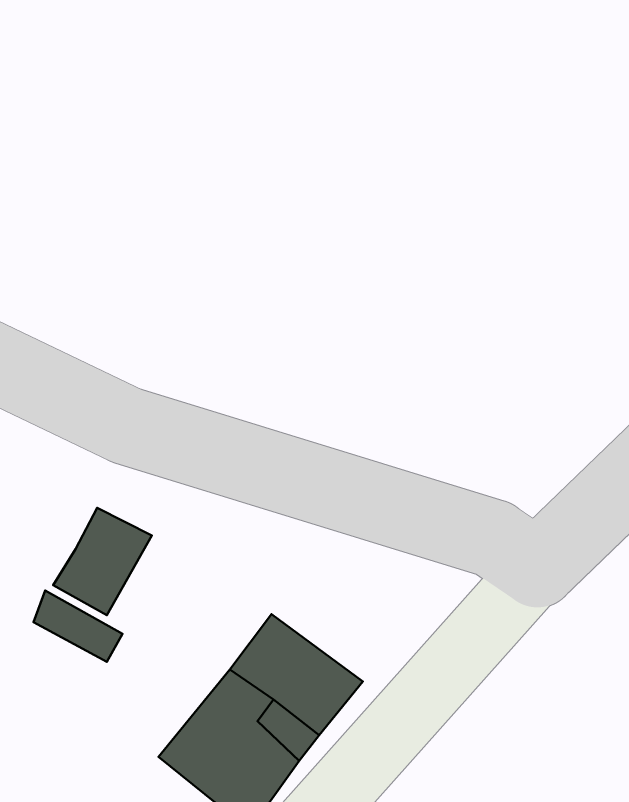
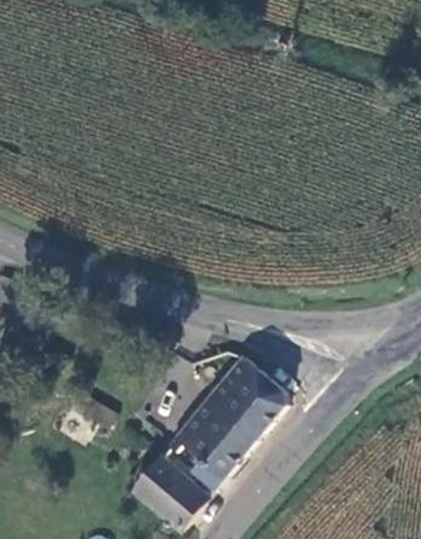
building: [53,508,152,615] -> none
building: none -> [201,363,285,442]

